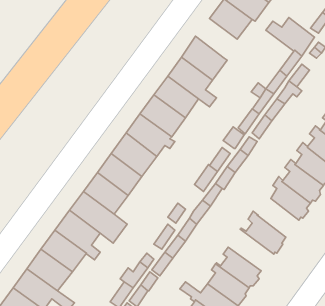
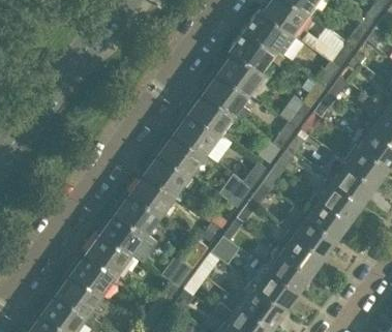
building: none -> [230,30,285,71]
building: none -> [294,213,337,258]
building: none -> [264,249,311,293]

